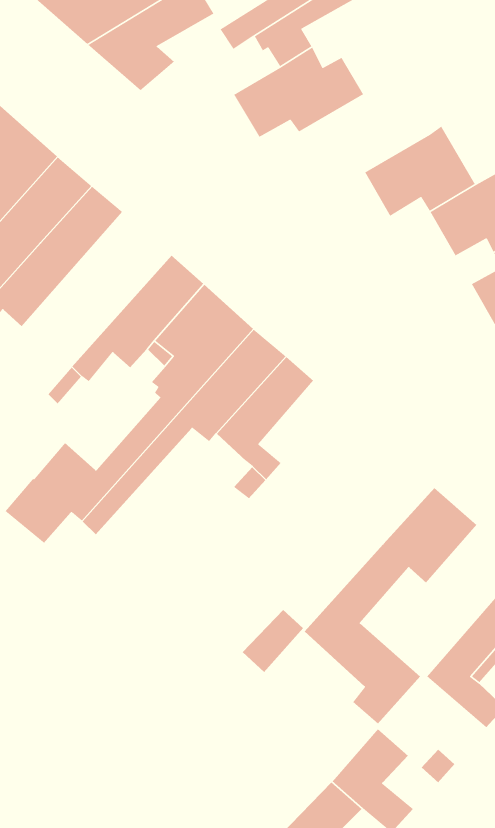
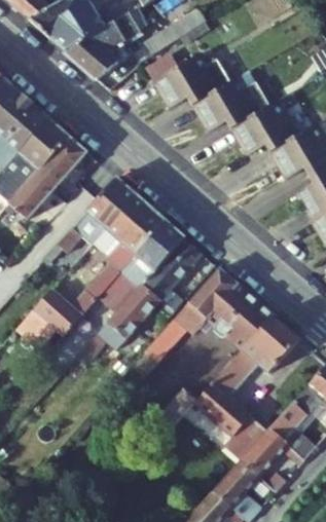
building: none -> [192,76,270,130]
building: none -> [129,268,274,379]
building: none -> [80,284,160,361]
building: none -> [240,428,304,476]

